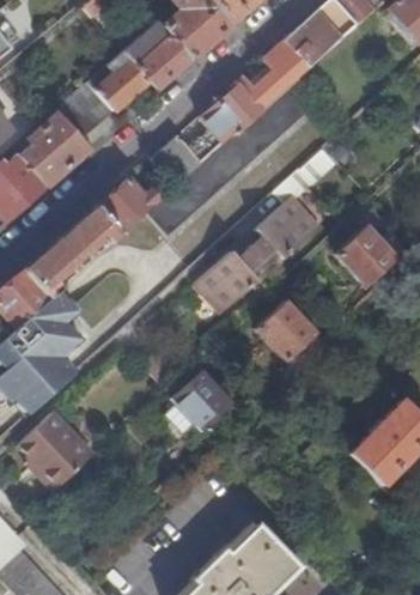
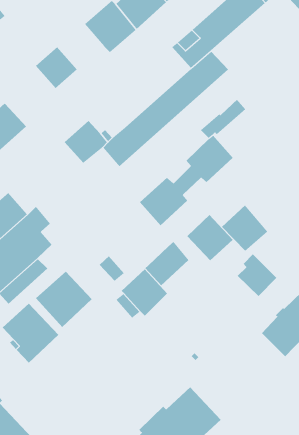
building: [90,51,150,110] -> none
building: [152,81,263,186] -> none
building: [23,114,91,184] -> none
building: [26,205,123,298] -> none
building: [337,224,398,285] -> [221,205,268,252]
building: none -> [144,241,189,286]
building: none -> [237,254,277,297]
building: none -> [35,271,93,328]

